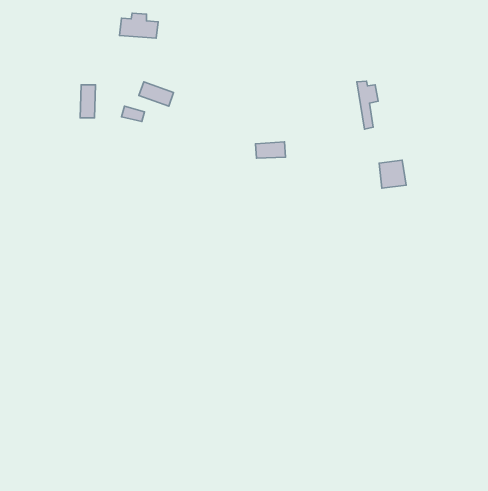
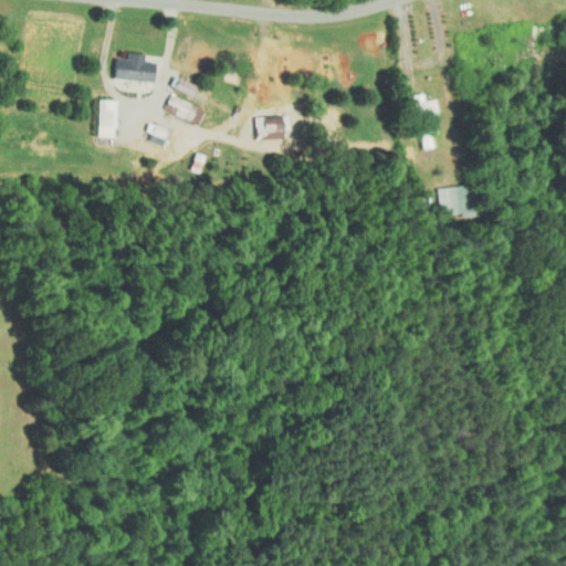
building: [120,13,158,38] -> [113,53,157,82]
building: [256,142,286,158] -> [256,115,291,134]

